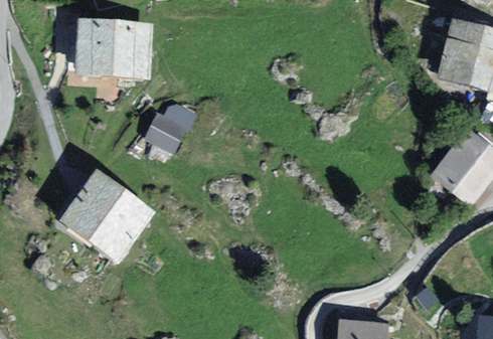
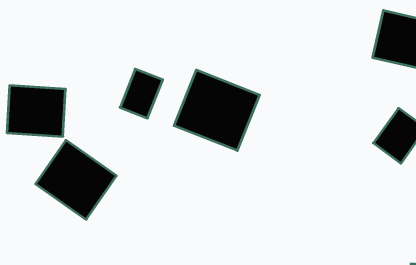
building: [75,21,142,78] -> [7,86,66,136]
building: none -> [174,70,260,151]

